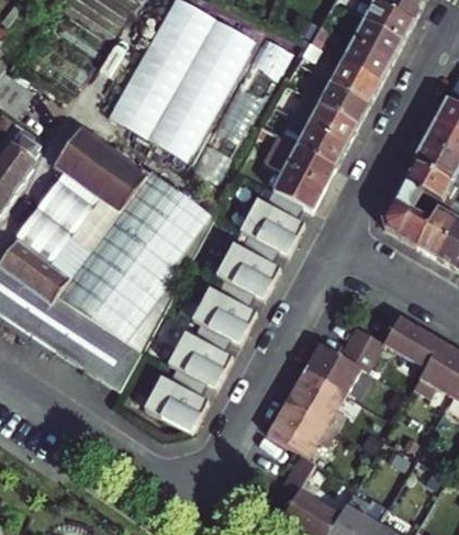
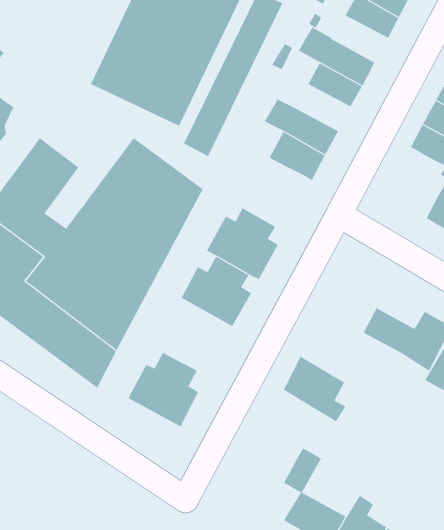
building: [331,57,382,100] -> none
building: [296,120,348,163] -> none
building: [55,124,146,250] -> none
building: [381,177,428,242] -> none
building: [240,187,305,254] -> none
building: [169,319,235,386] -> none
building: [302,338,377,391] -> none
building: [269,398,335,452] -> none

